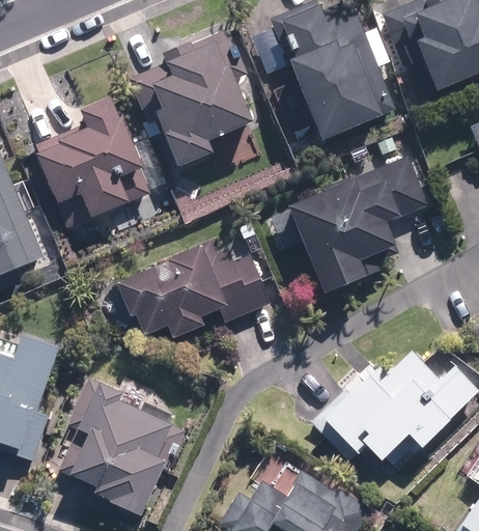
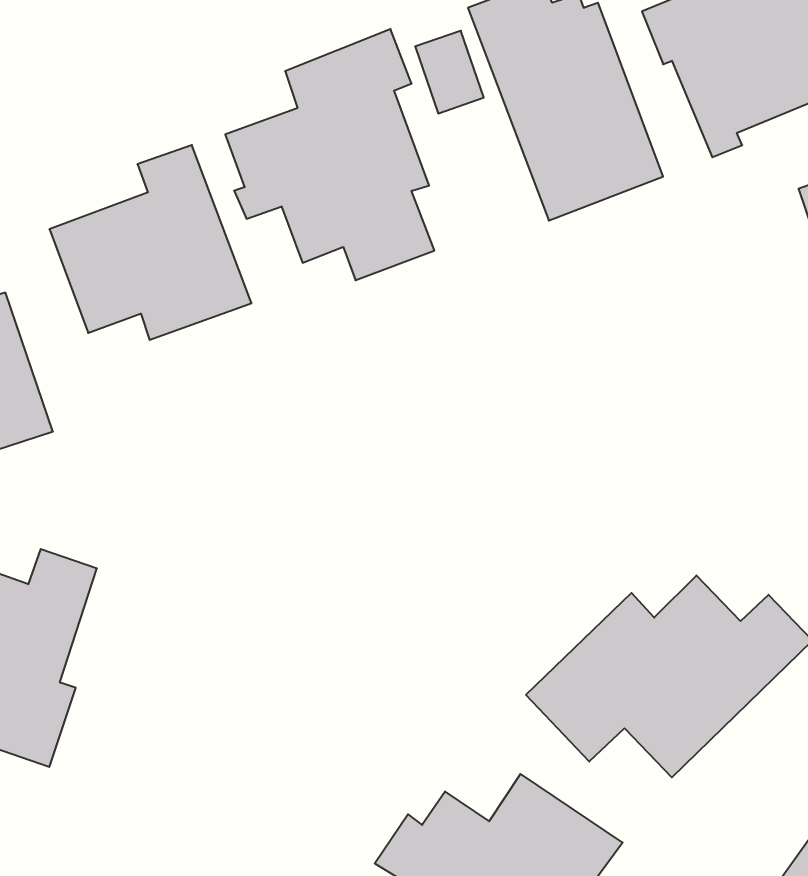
building: [288,158,426,291] -> none
building: [116,239,276,336] -> none
building: [54,374,184,513] -> none

